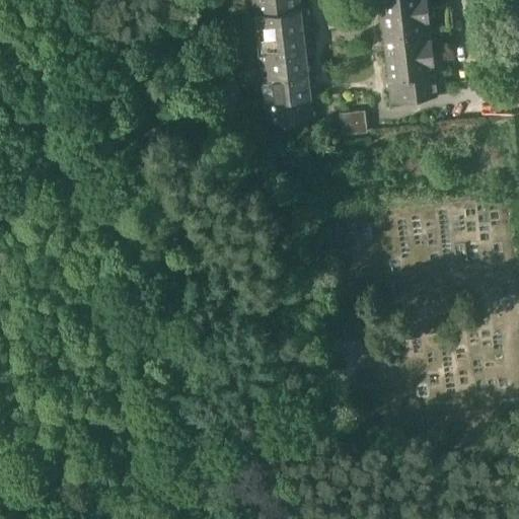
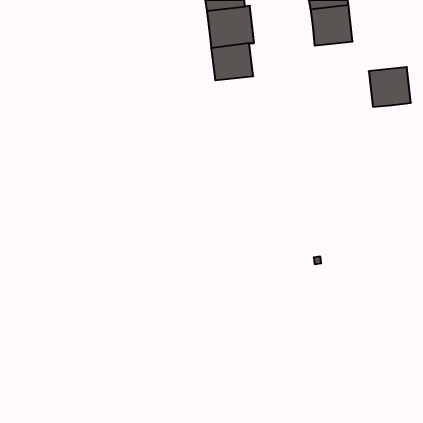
building: [385,51,437,99] -> [369,67,411,107]
building: [264,93,313,129] -> none
building: [340,109,368,134] -> none

